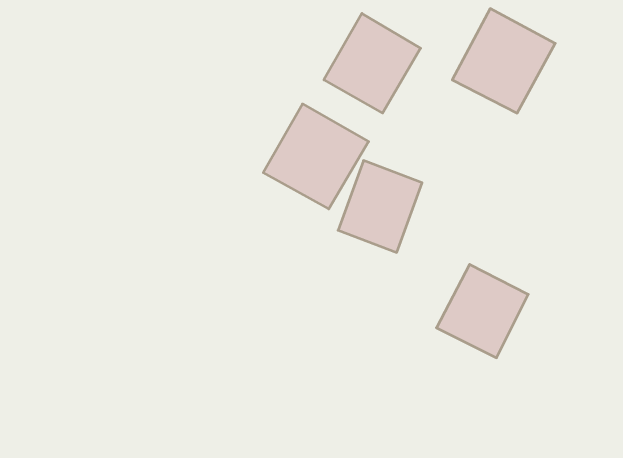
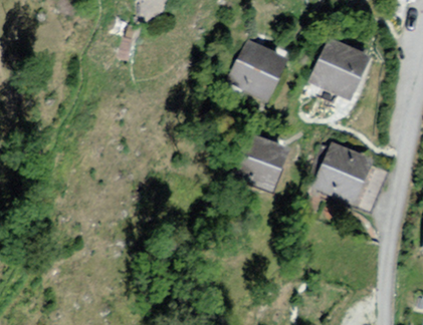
building: [263,104,369,209] -> none
building: [436,264,528,358] -> [314,144,373,204]

